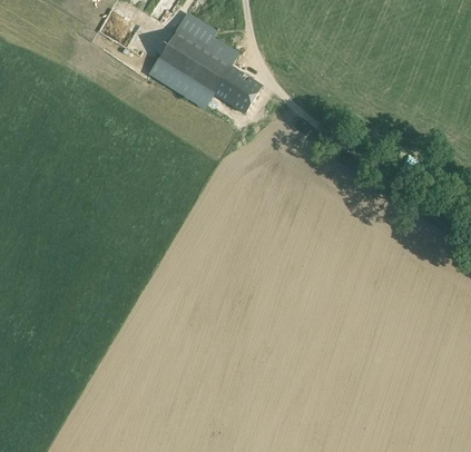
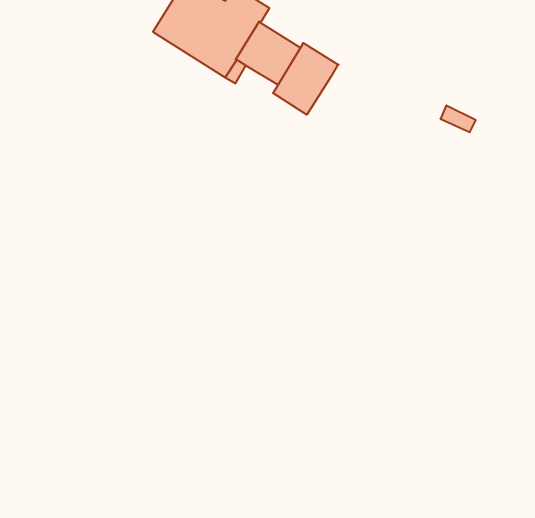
building: none -> [273,43,339,115]

